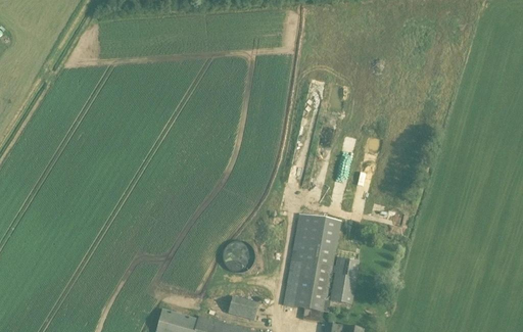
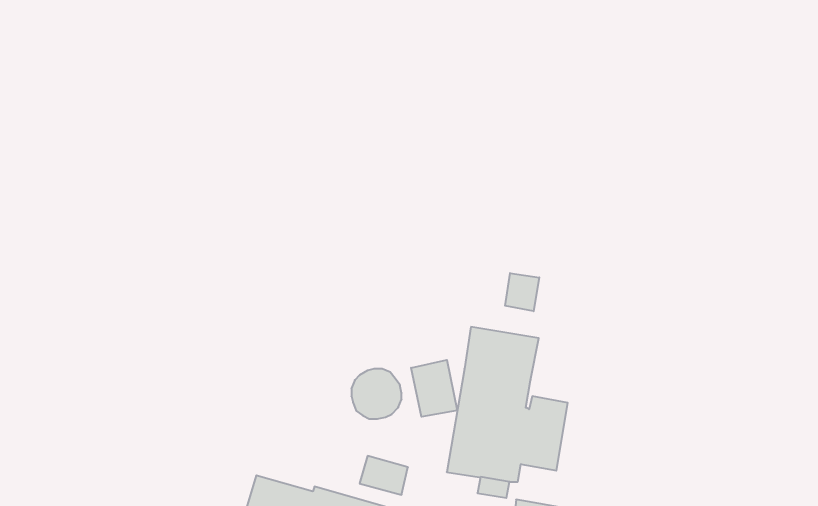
building: none -> [505,273,539,311]
building: none -> [411,360,457,417]

